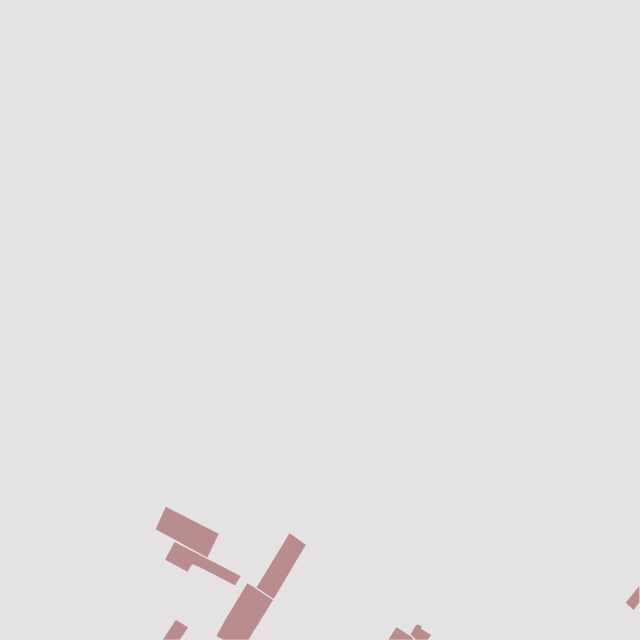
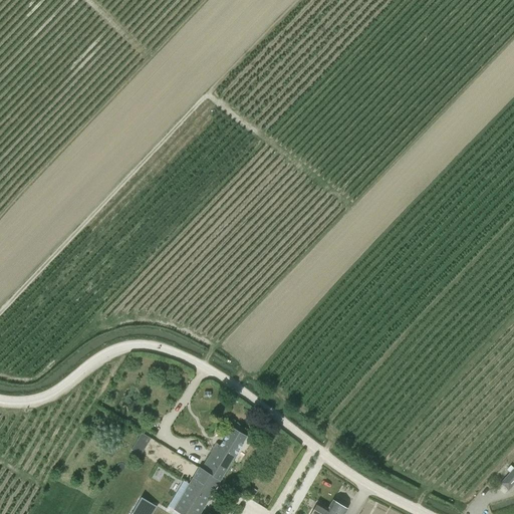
building: [155,506,219,558] -> none

